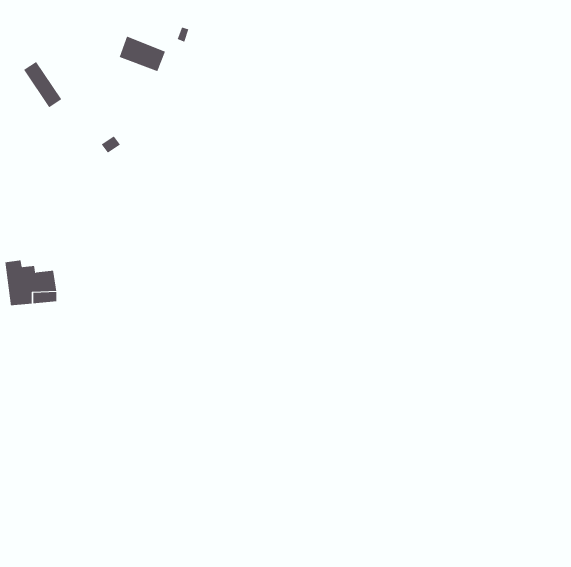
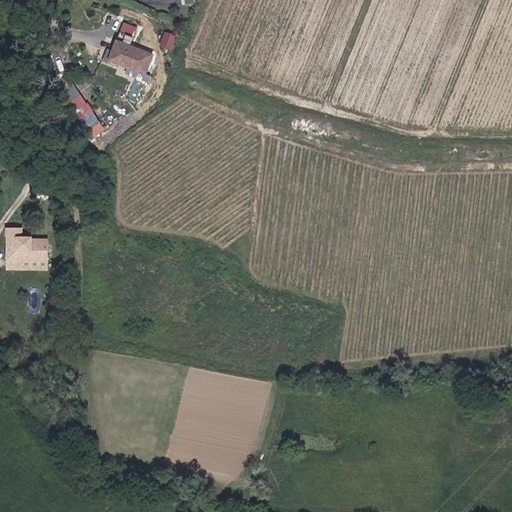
building: [23,61,62,108] -> [64,87,99,129]

